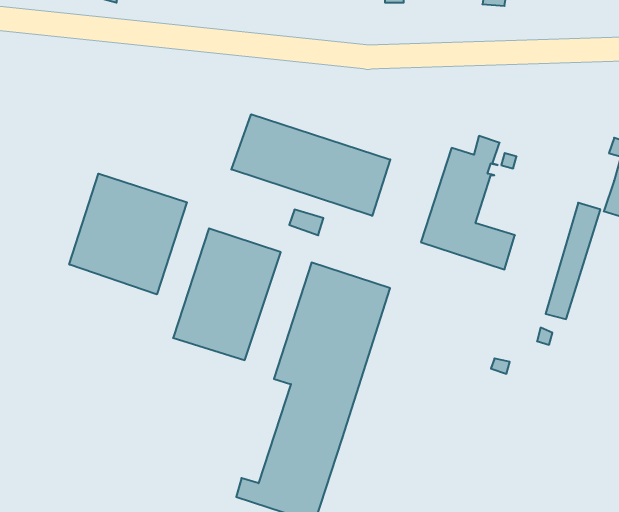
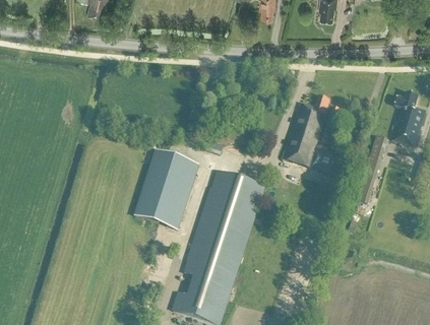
building: [231,114,390,216] -> none
building: [69,174,187,294] -> none

